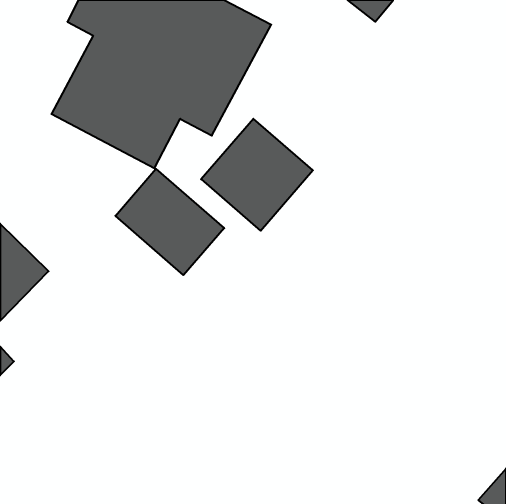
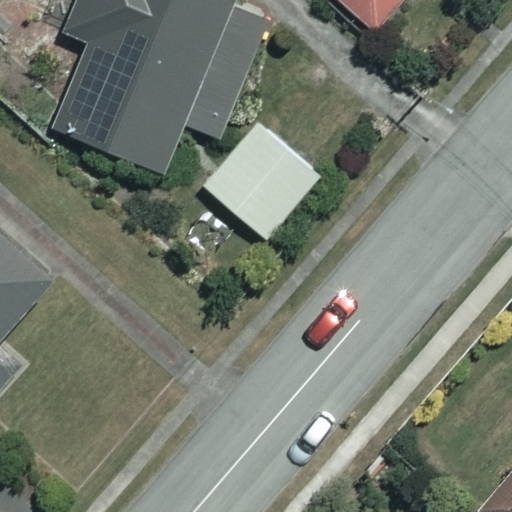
building: [115,169,224,275] -> none

